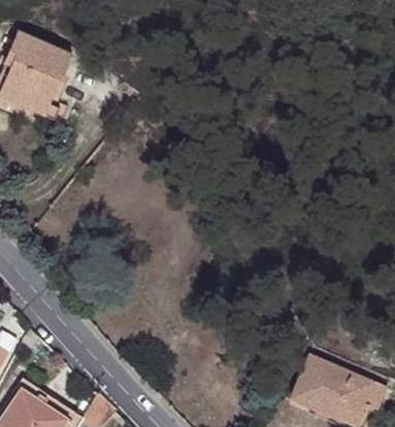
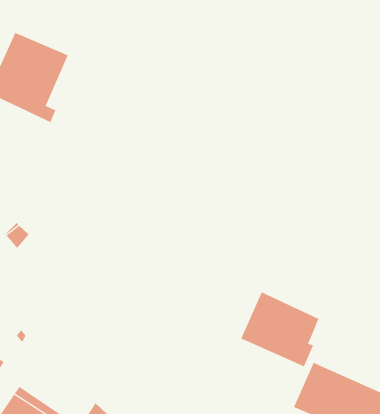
building: none -> [240,292,319,367]

